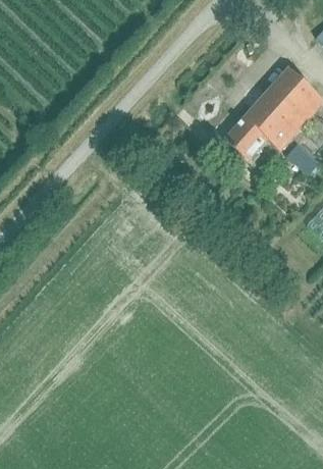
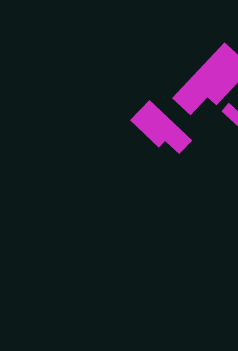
building: none -> [129,99,193,155]

